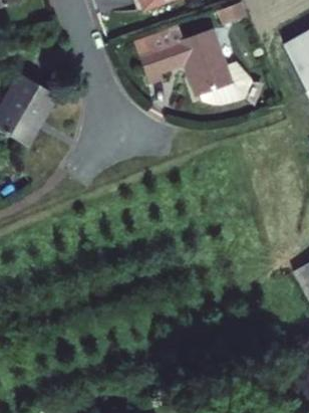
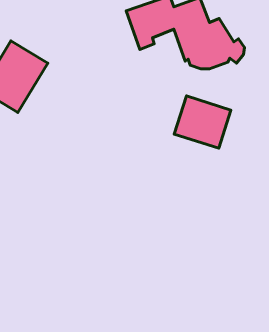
building: none -> [174,96,231,148]

